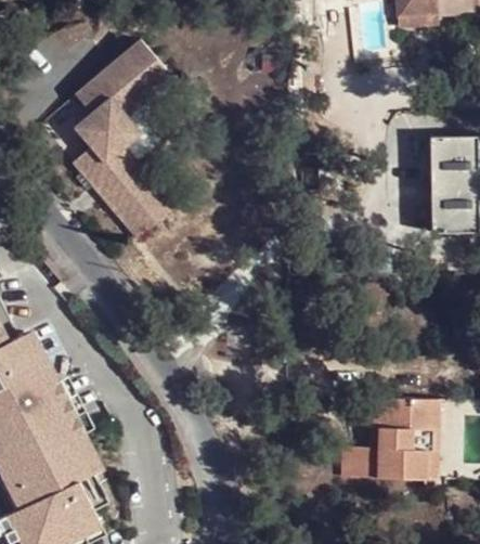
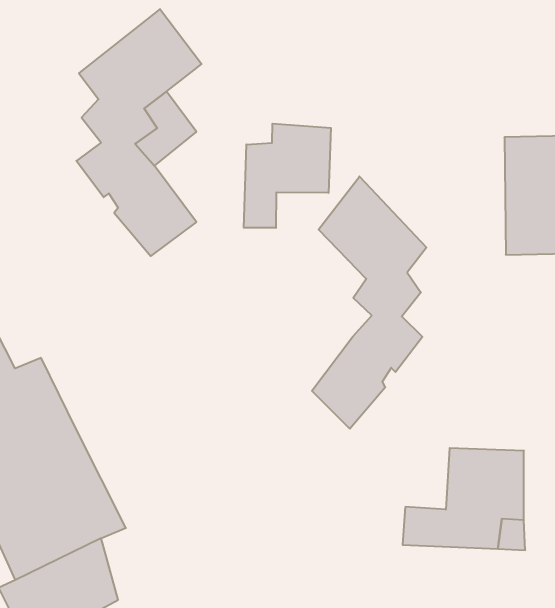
building: none -> [244,124,331,228]
building: none -> [312,176,426,429]

